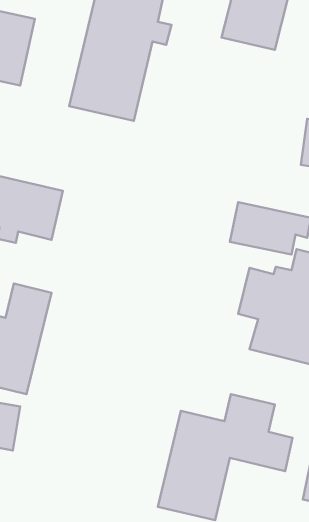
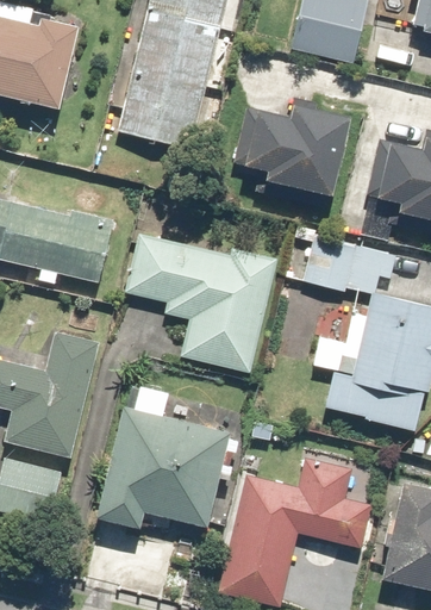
building: none -> [249,101,351,193]
building: none -> [125,237,275,369]
building: none -> [100,385,232,527]

